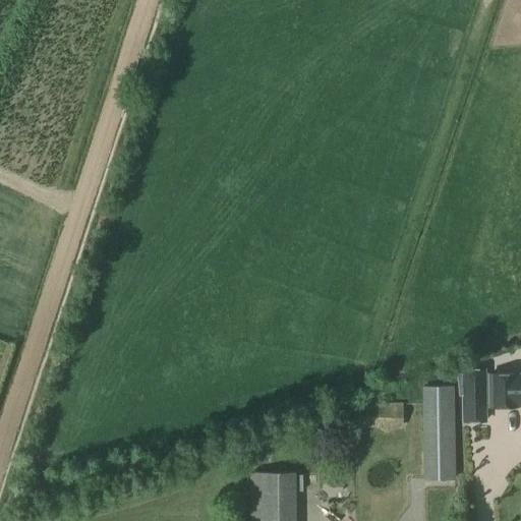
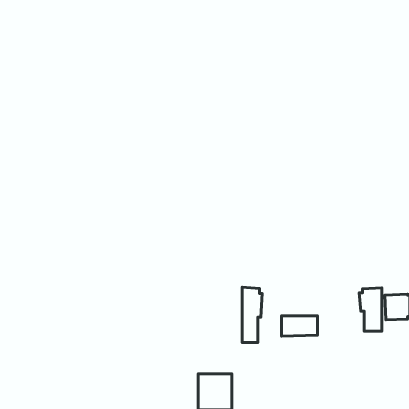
building: none -> [242,287,262,343]
building: [422,386,457,482] -> none

